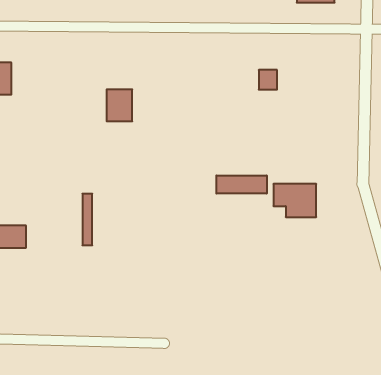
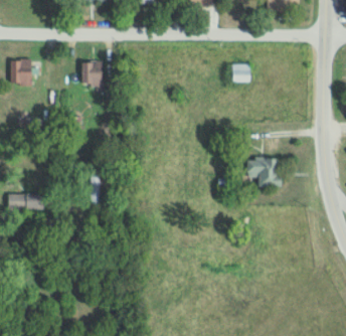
building: [107,89,132,121] -> [80,61,102,88]
building: [216,175,267,194] -> none

